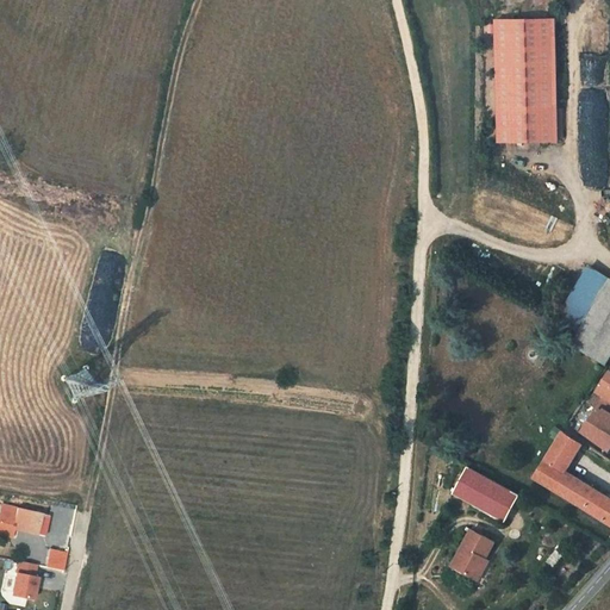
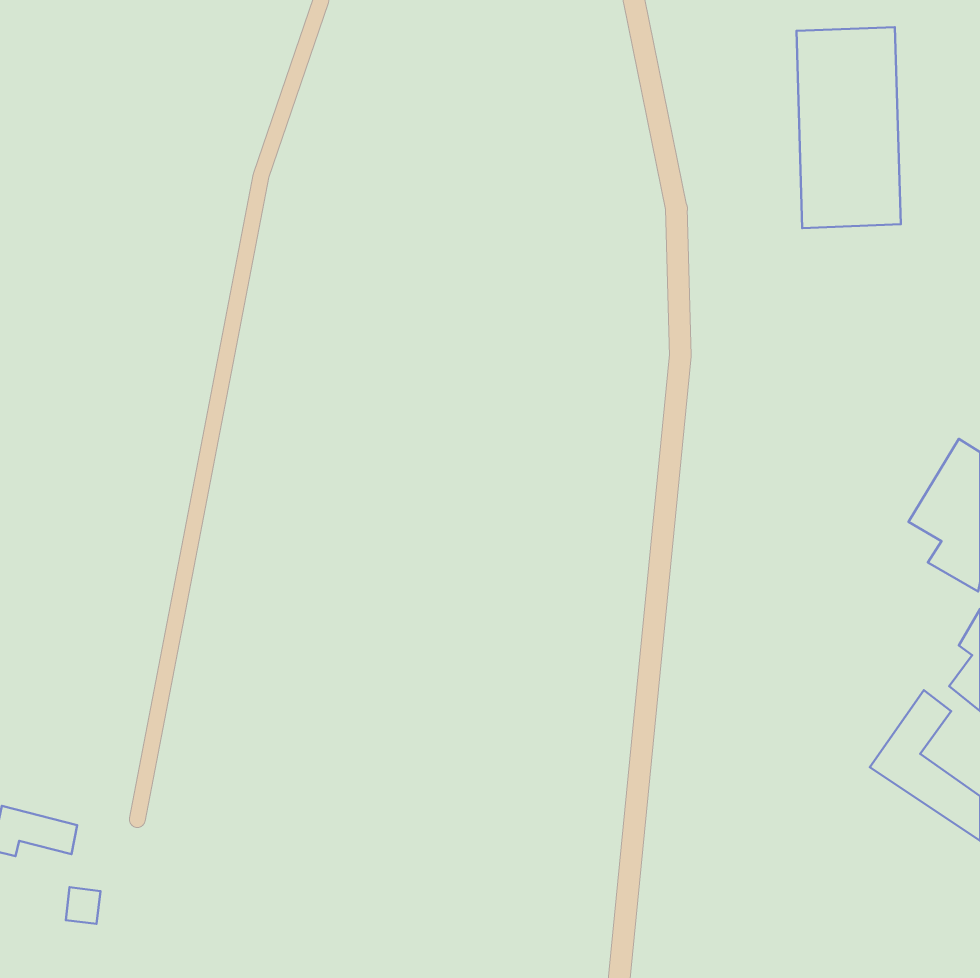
building: [455,467,519,518] -> none
building: [444,521,493,575] -> none
building: [17,559,42,598] -> none

